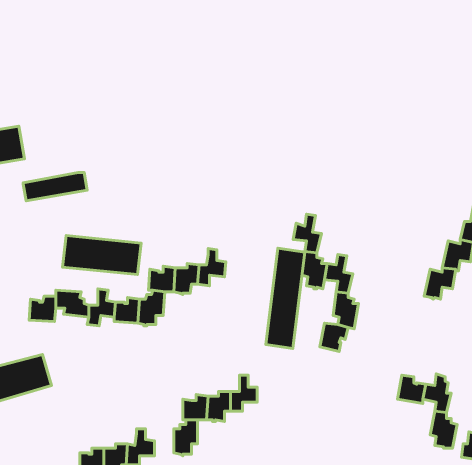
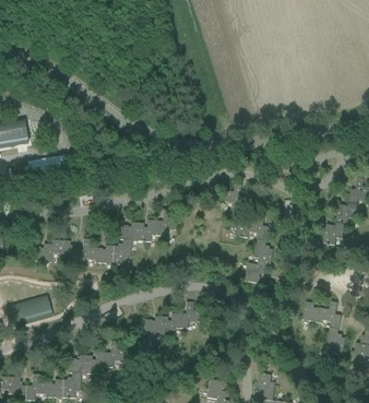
building: [63,236,141,275] -> none
building: [266,248,305,349] -> none

